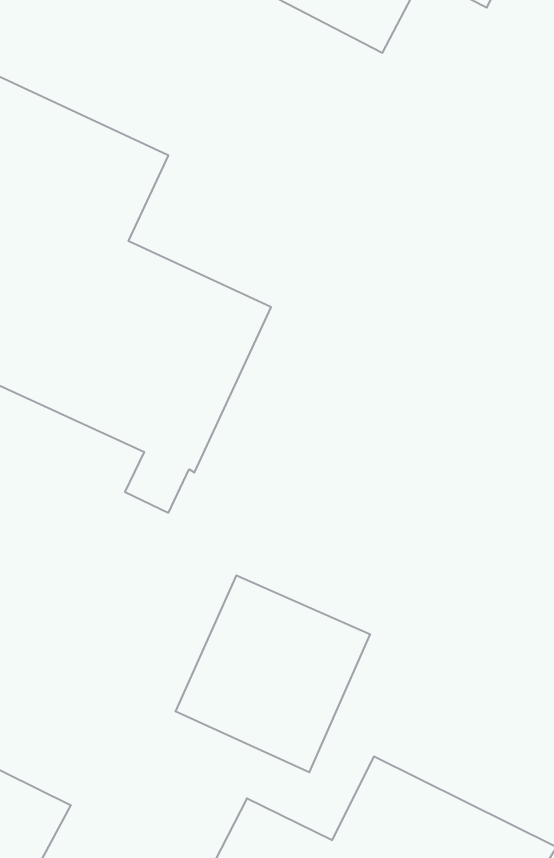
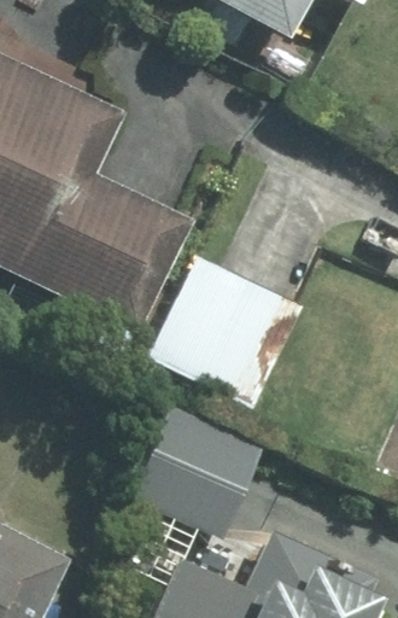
building: none -> [145,255,302,408]

